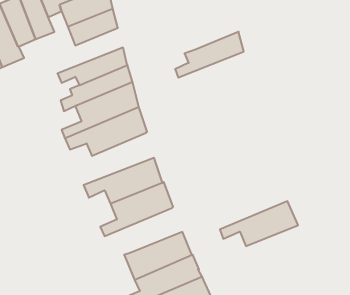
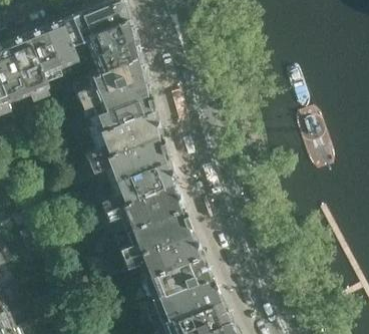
building: [175,32,244,78] -> [78,60,144,104]
building: none -> [104,161,174,212]
building: [220,201,298,246] -> [126,234,202,277]

